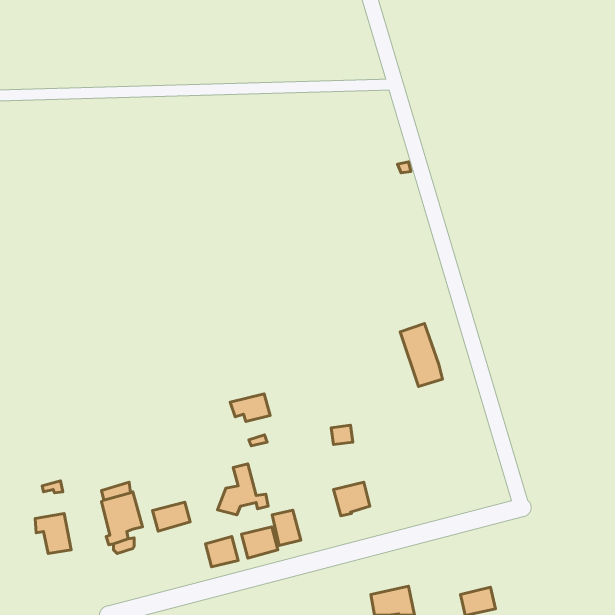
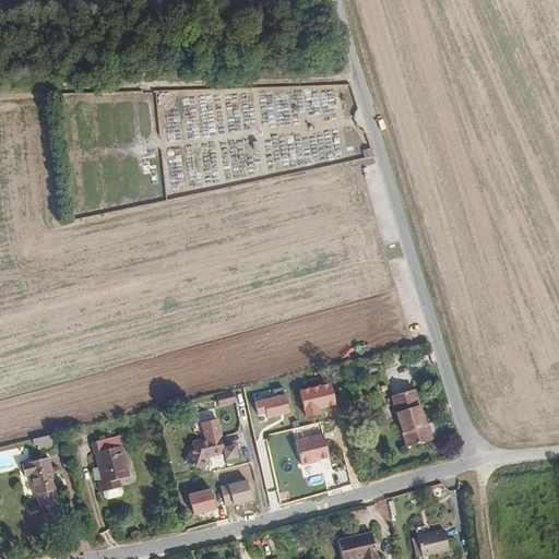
building: [400,324,443,386] -> [391,390,429,447]
building: [230,394,270,422] -> [252,391,288,416]
building: [153,502,190,531] -> none
building: [272,510,301,546] -> none

